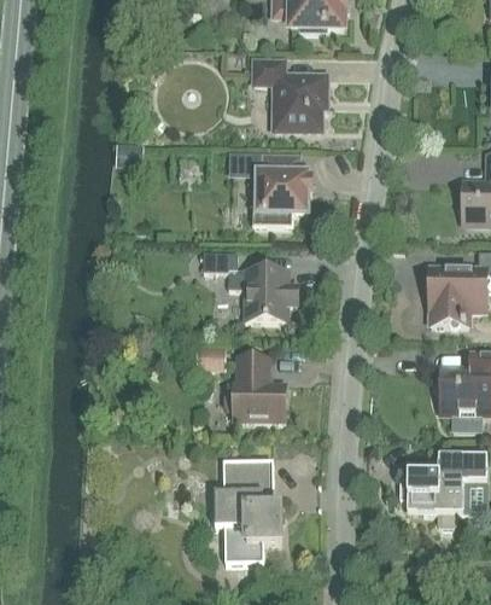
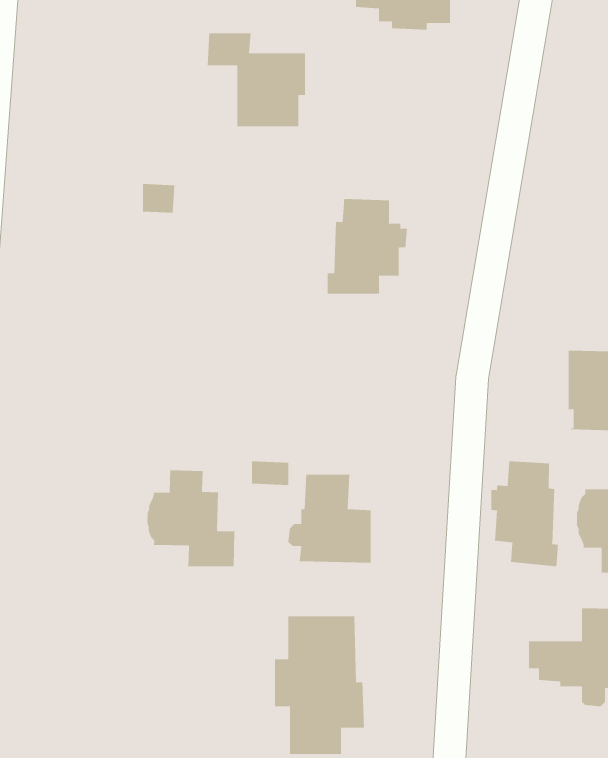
building: [252,59,325,128] -> [207,33,306,127]
building: [203,251,298,320] -> none
building: none -> [491,461,558,567]
building: none -> [147,470,235,567]

